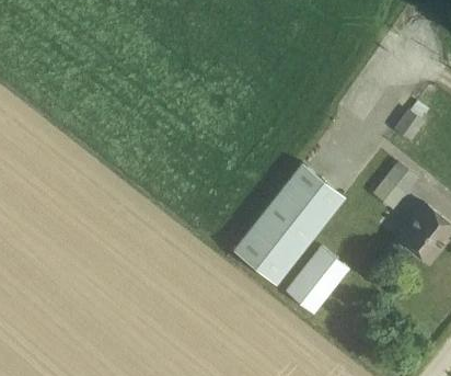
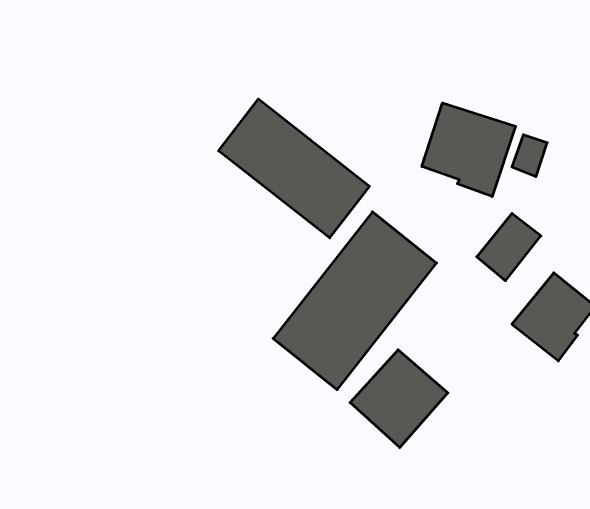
building: none -> [219,99,369,238]
building: none -> [422,103,516,197]

